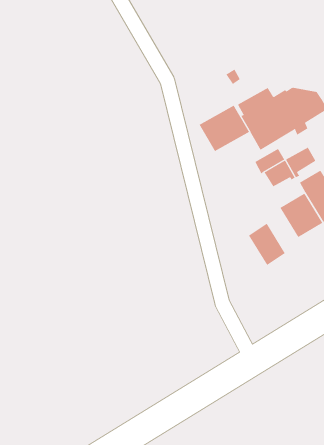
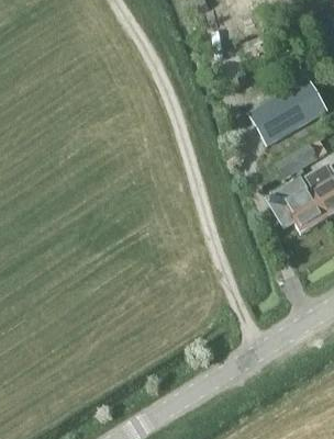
building: [199,105,250,152] -> none
building: [248,223,286,266] -> none

